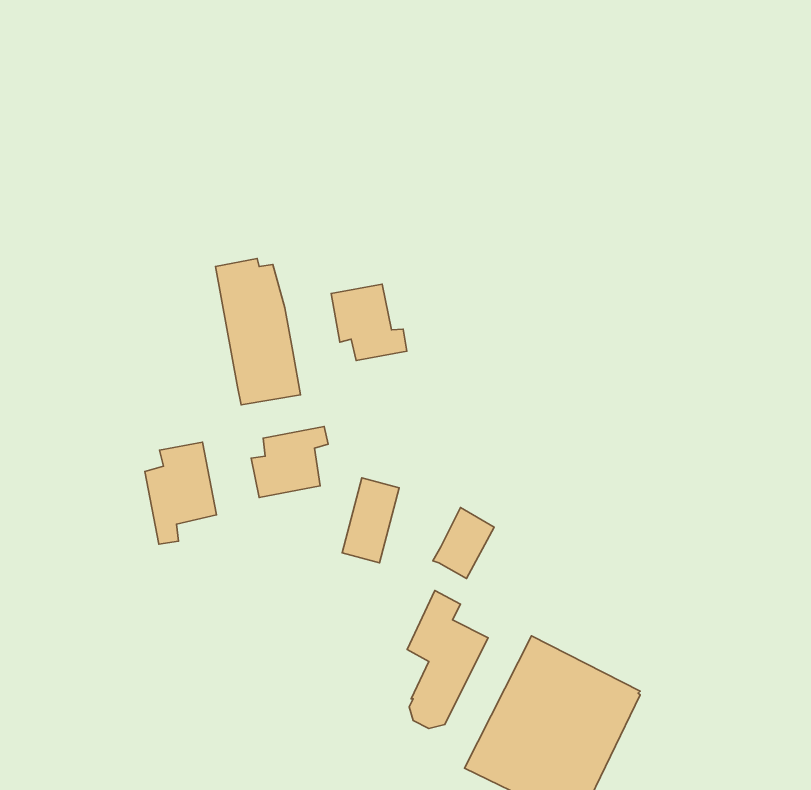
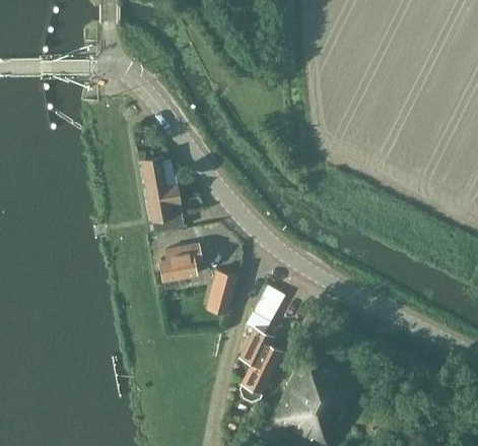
building: [331,284,407,361] -> none
building: [145,442,217,544] -> none

